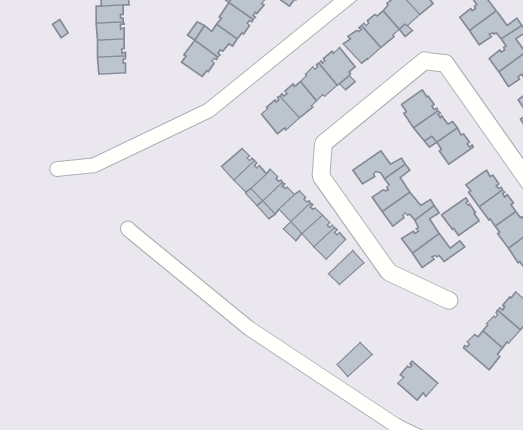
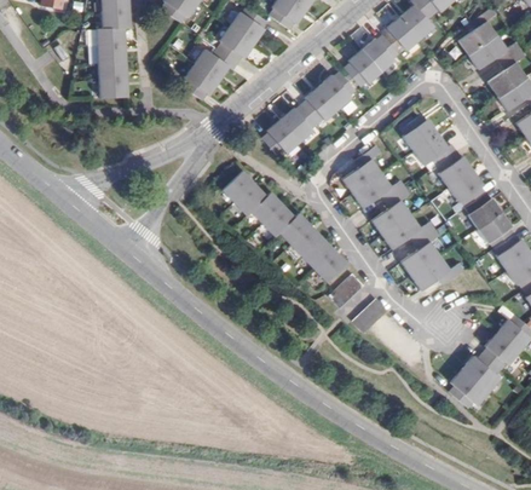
building: none -> [342,144,380,192]
building: [441,198,479,236] -> [448,169,485,207]
building: [337,342,372,377] -> [352,298,387,332]
building: [398,361,438,400] -> [448,369,487,408]

